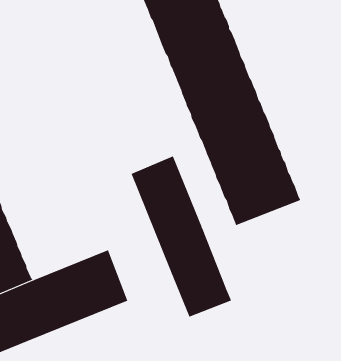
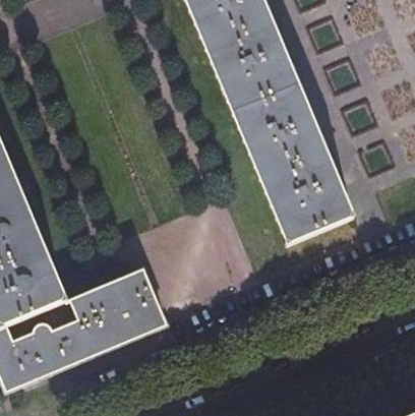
building: [131,156,232,318] -> none

